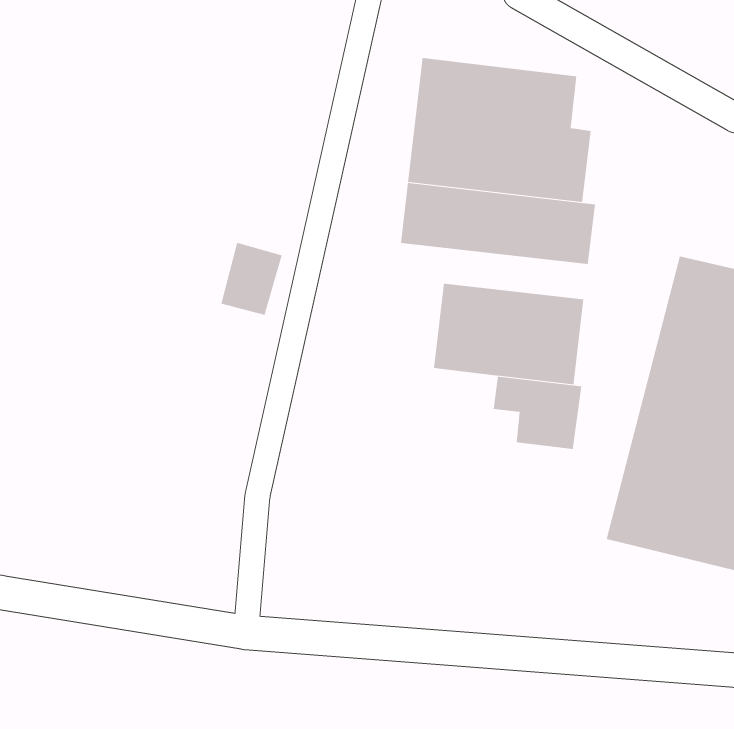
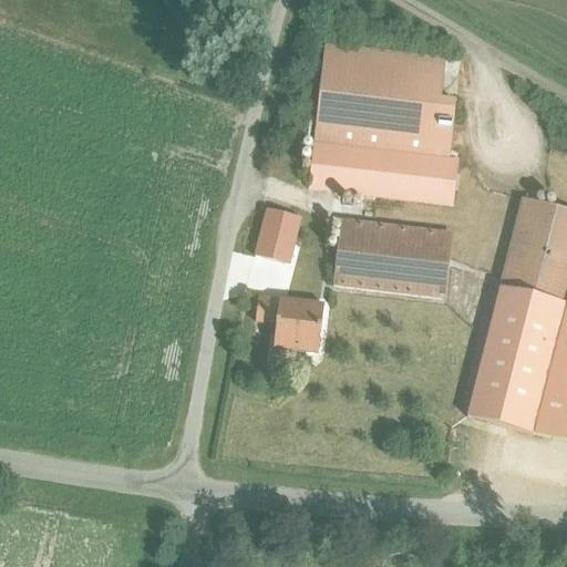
building: [221,242,283,315] -> [255,207,302,264]
building: [493,376,582,450] -> [257,295,326,351]

